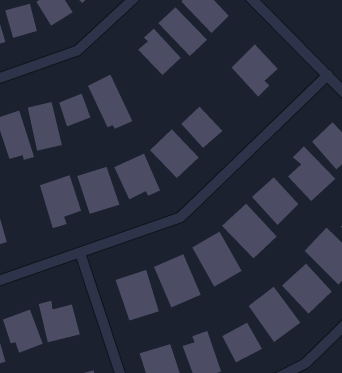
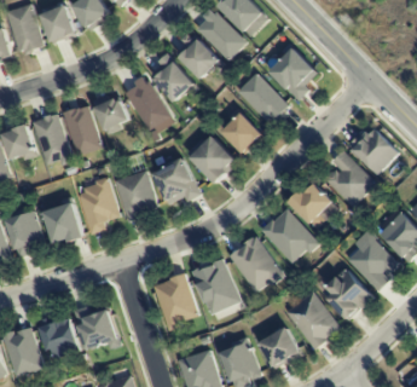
building: none -> [151,53,195,103]
building: none -> [237,73,288,123]
building: none -> [44,202,83,246]

